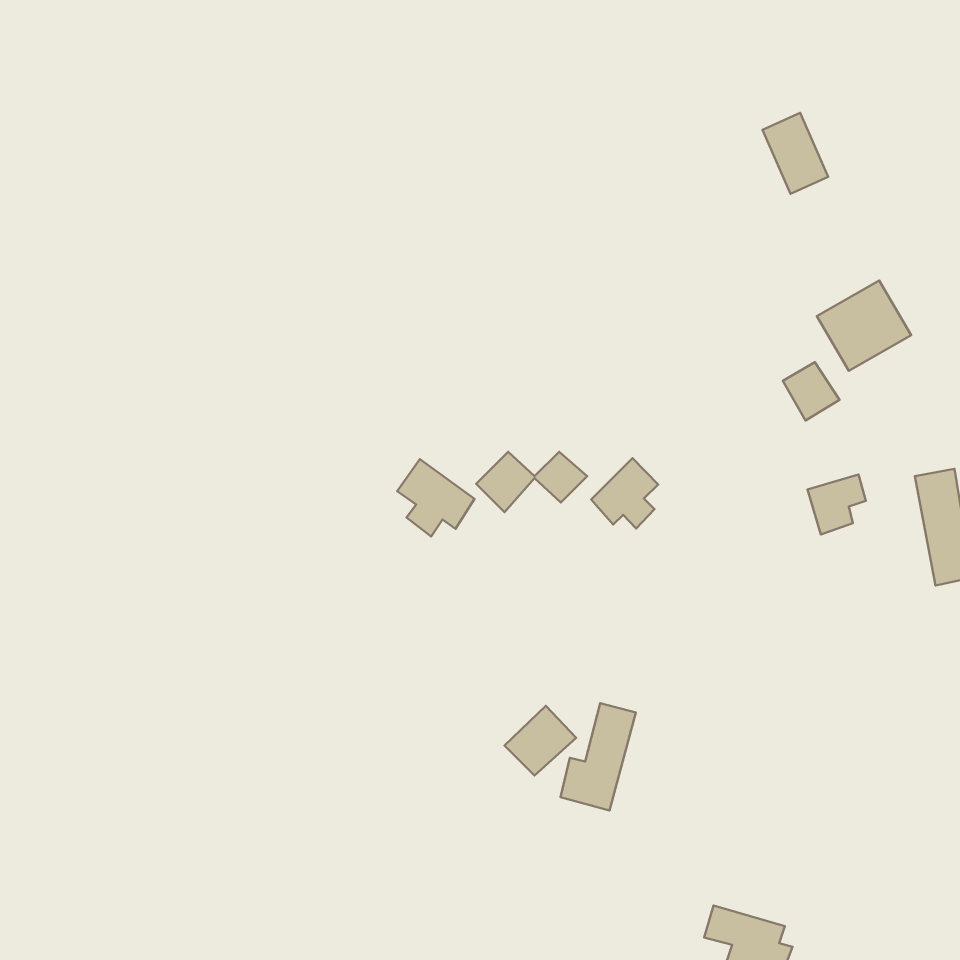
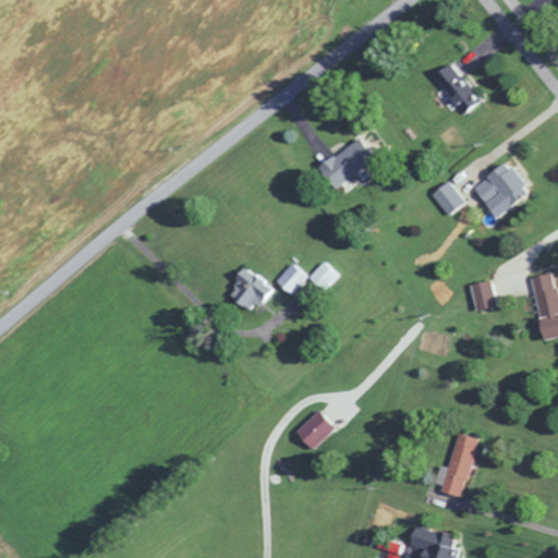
building: none -> [319,149,369,189]
building: [783,362,839,420] -> [433,181,465,215]
building: [591,458,658,529] -> none
building: [561,703,636,810] -> [435,434,478,496]

